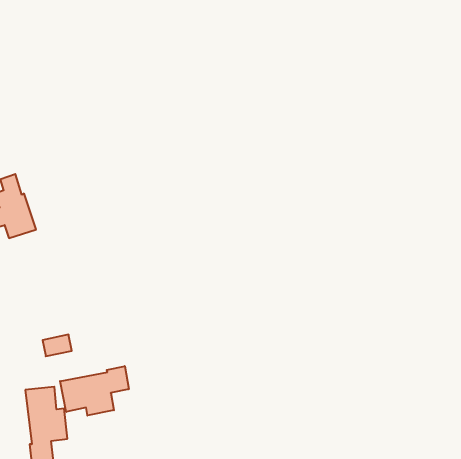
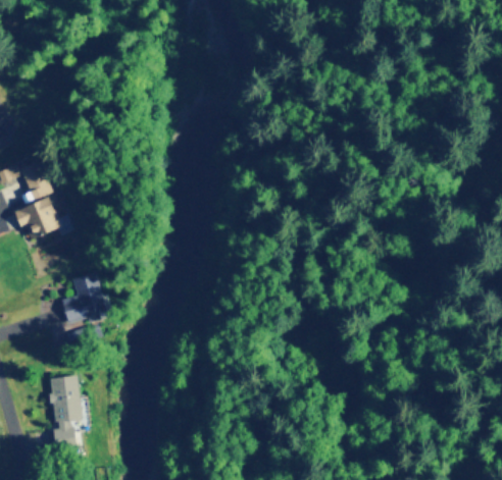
building: none -> [61,272,106,322]
building: [60,366,129,416] -> none

